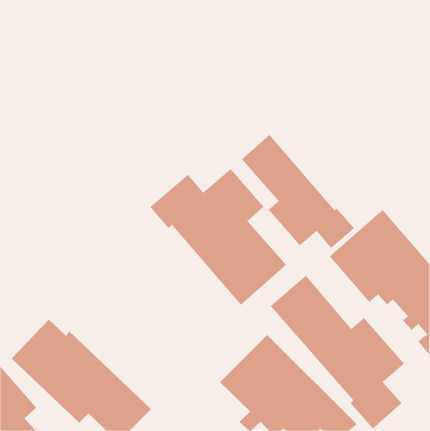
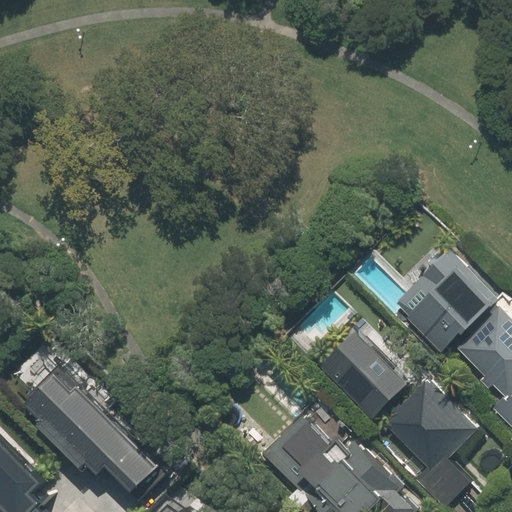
building: [241,134,355,249] -> none
building: [150,168,287,305] -> none

